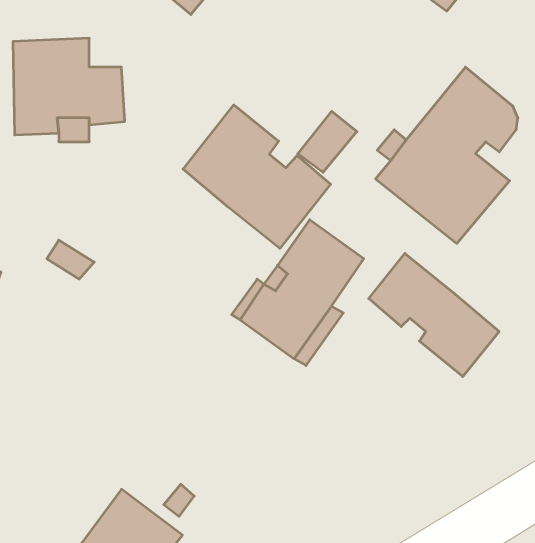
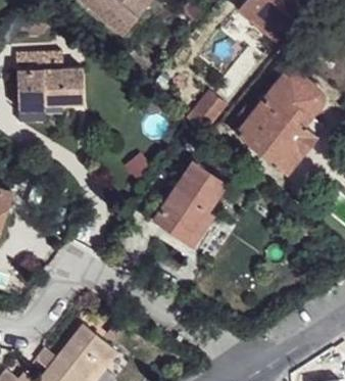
building: [183,105,331,248] -> none
building: [369,253,499,377] -> none

